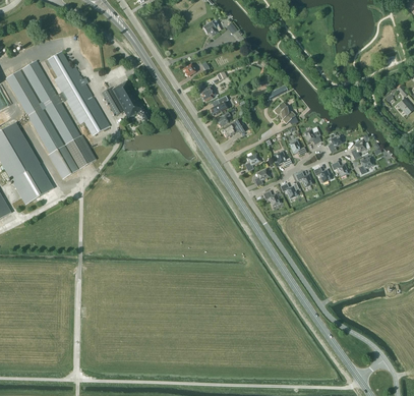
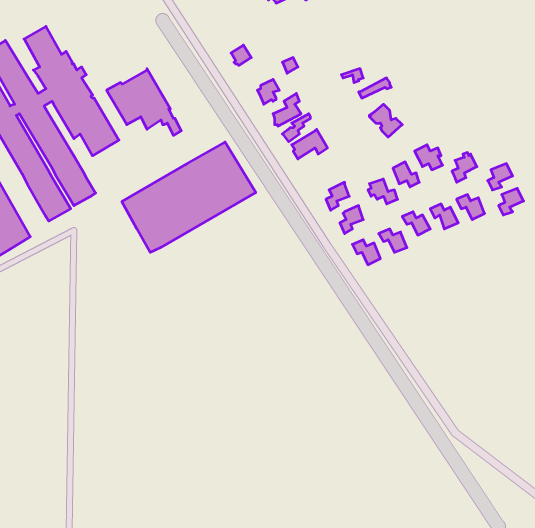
building: none -> [122,142,256,252]

